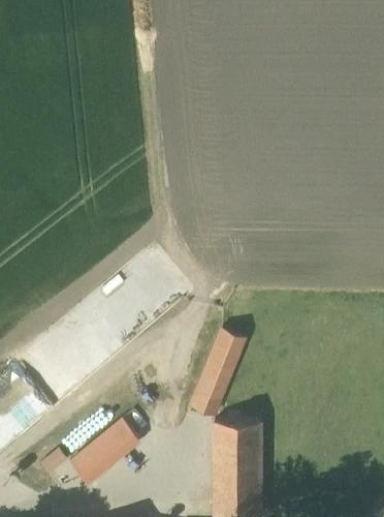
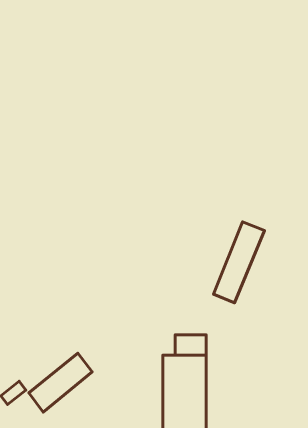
building: [190,332,245,419] -> [213,222,265,303]

